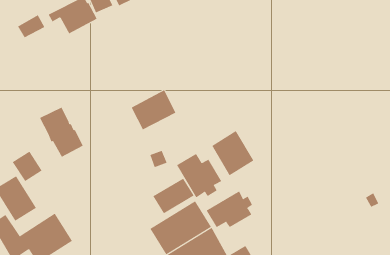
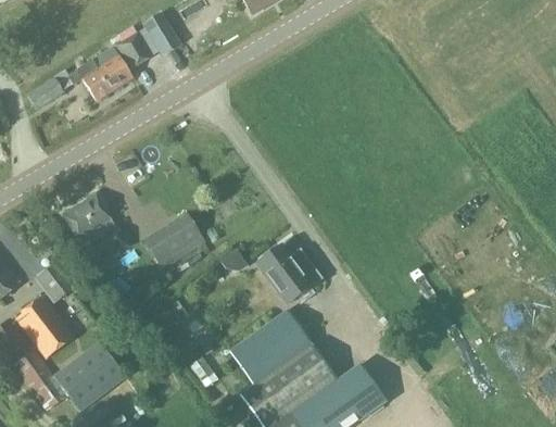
building: [131,89,176,130] -> [143,212,205,269]
building: [211,130,254,176] -> none
building: [153,178,194,214] -> none
building: [206,190,253,228] -> none

